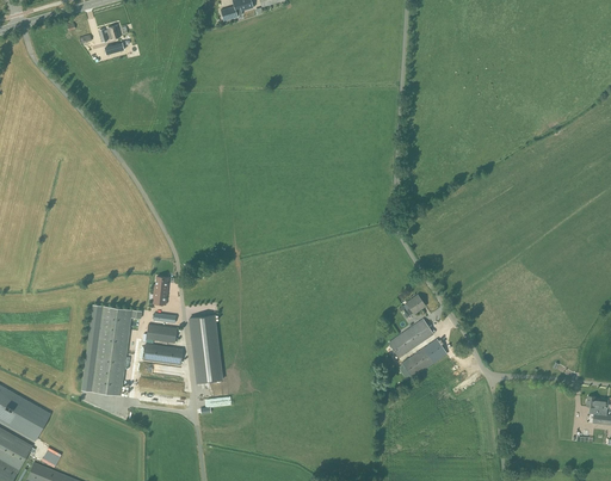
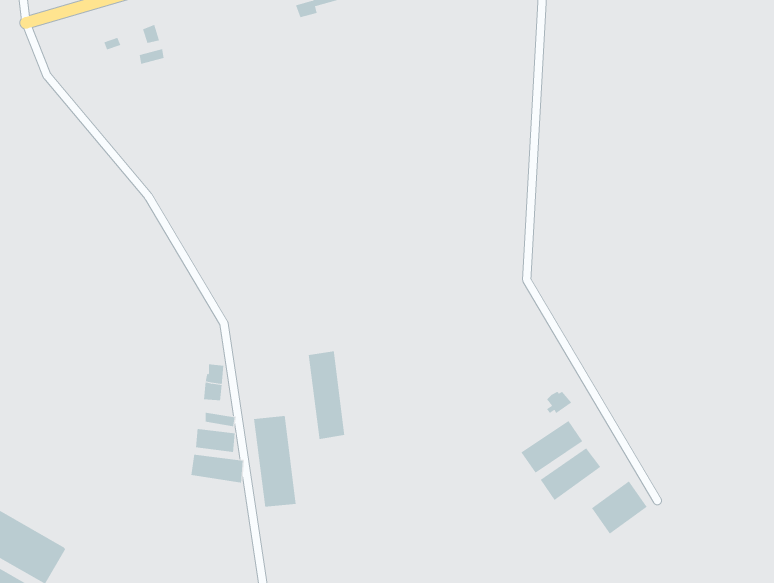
building: none -> [308,350,345,440]
building: [81,303,142,394] -> none
building: none -> [591,481,648,535]

